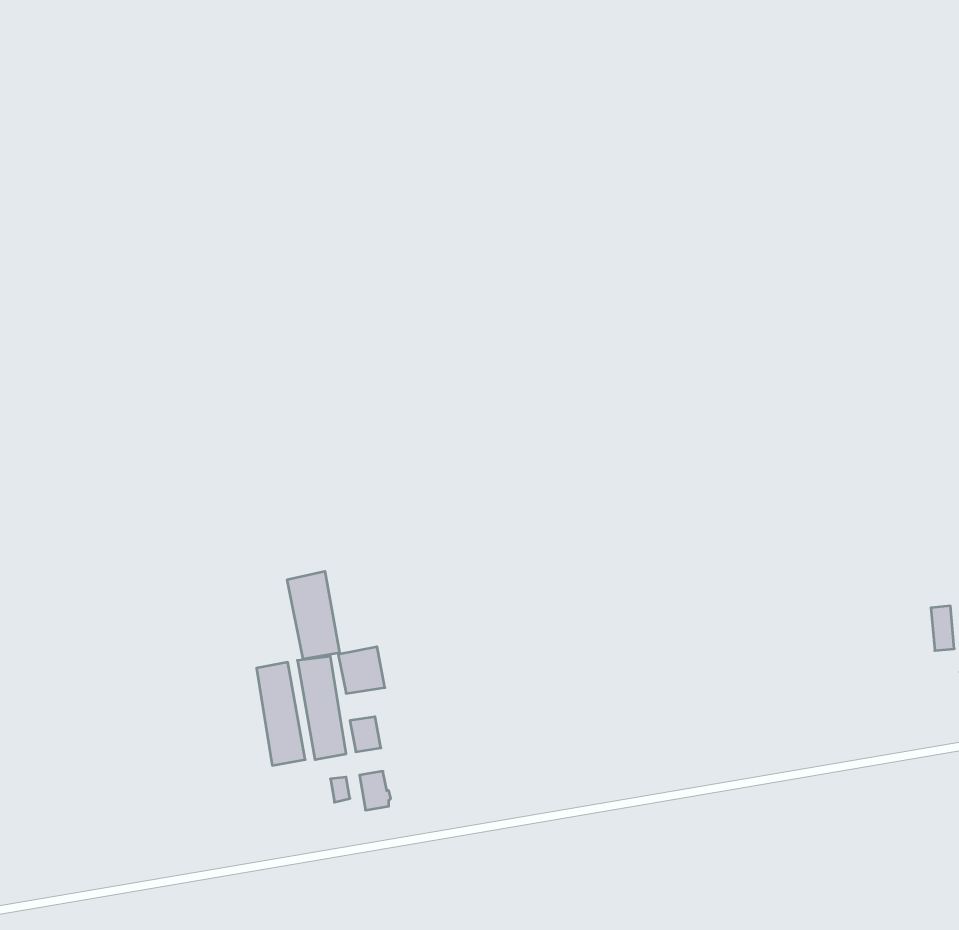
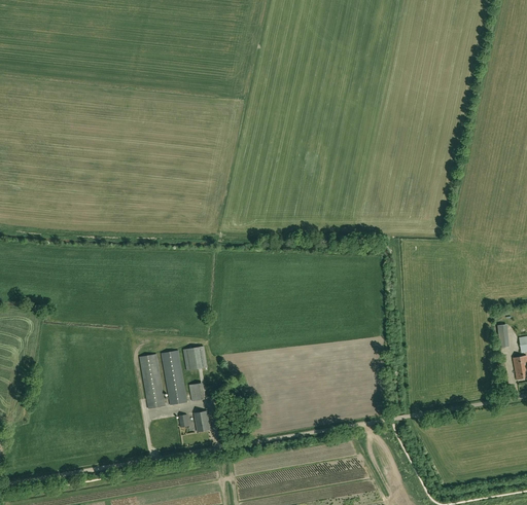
building: [287,571,339,659] -> none

